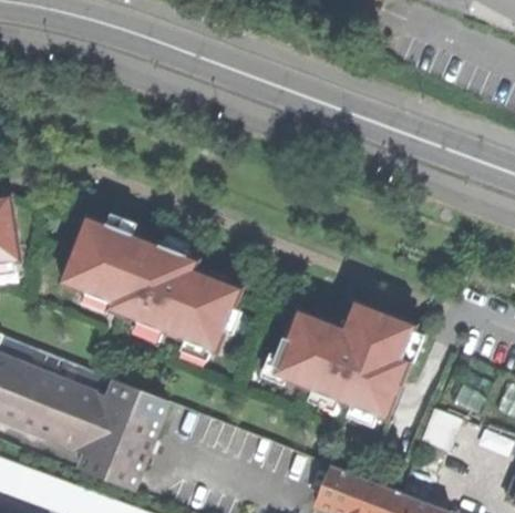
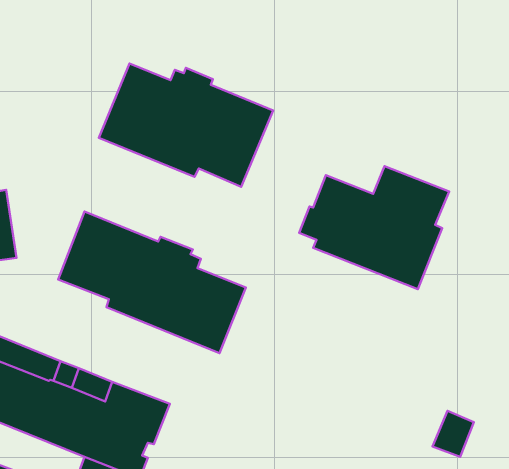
building: none -> [99,63,273,187]
building: [271,302,415,421] -> [299,166,449,289]

